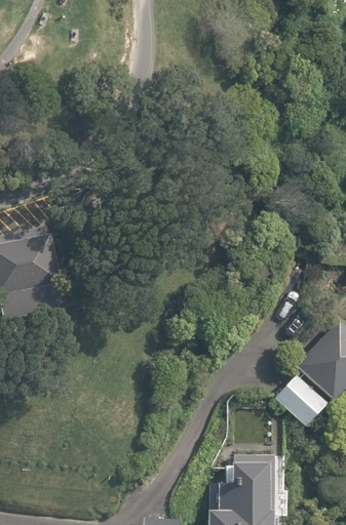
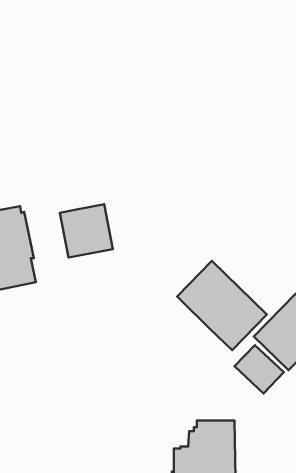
building: none -> [60,204,113,258]
building: none -> [177,261,267,350]

